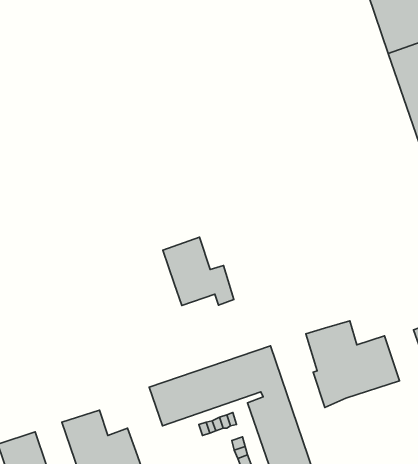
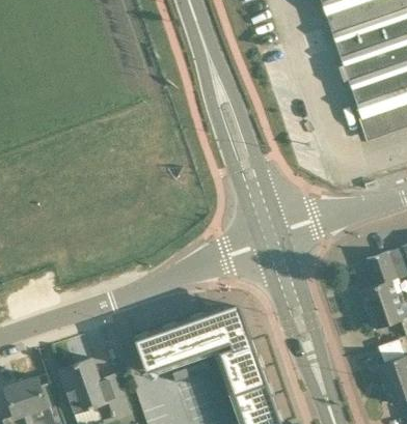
building: [163,237,234,306] -> none
building: [306,321,400,407] -> none

